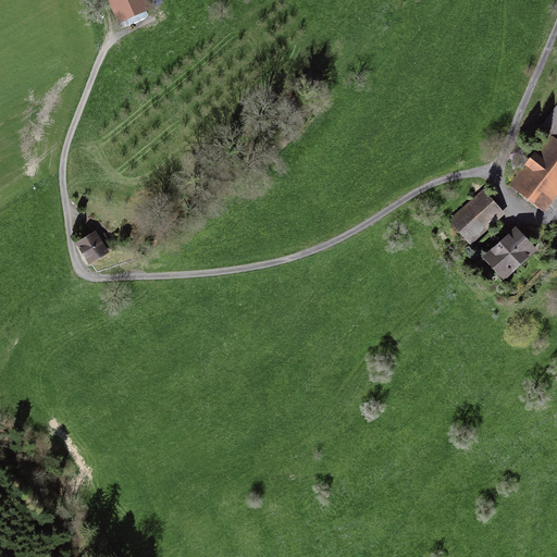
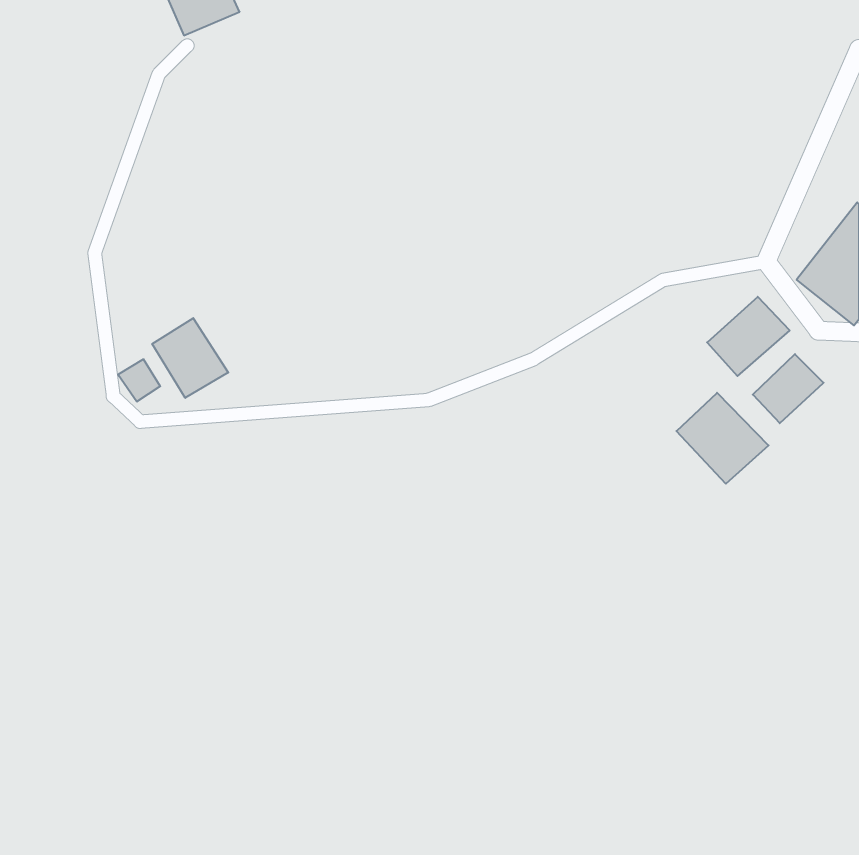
building: none -> [152,318,228,398]
building: none -> [676,393,769,484]

